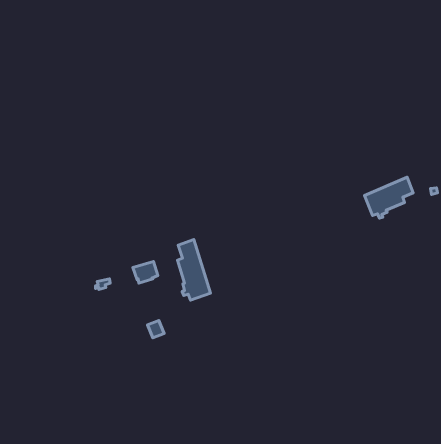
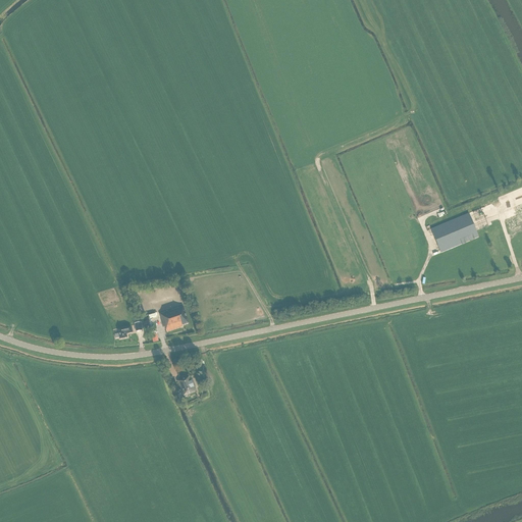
building: [177,239,211,300] -> none

